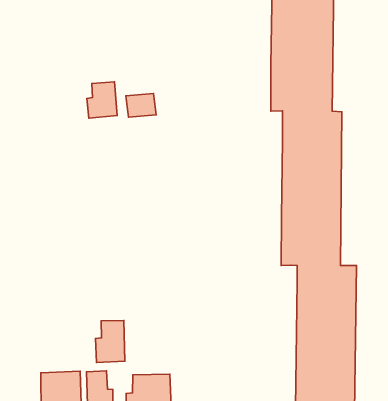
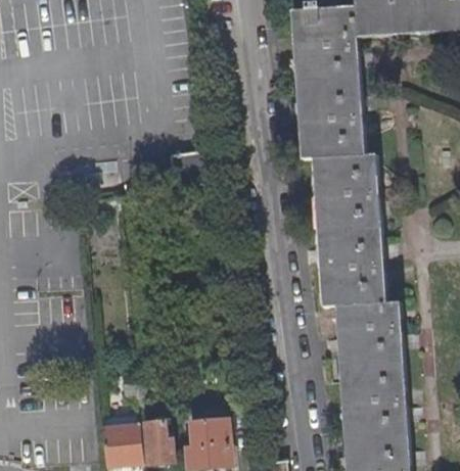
building: [87,82,117,118] -> none
building: [95,320,125,362] -> none

